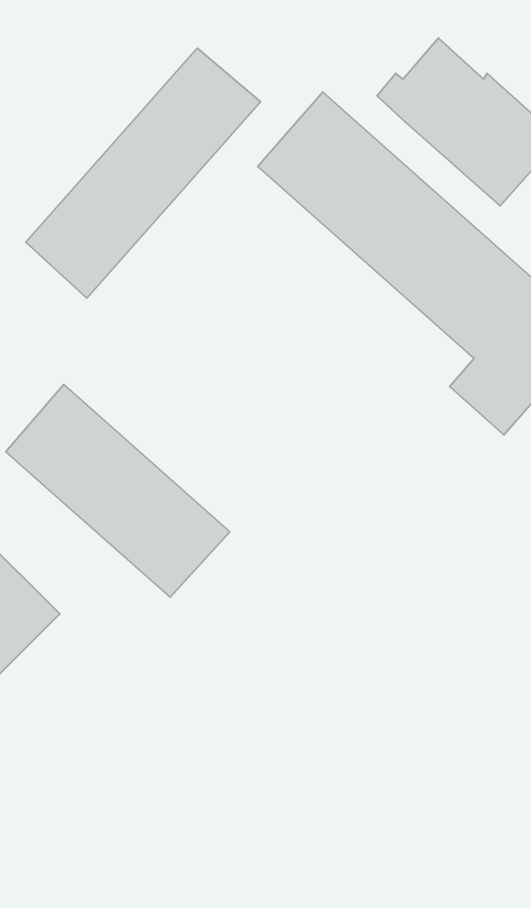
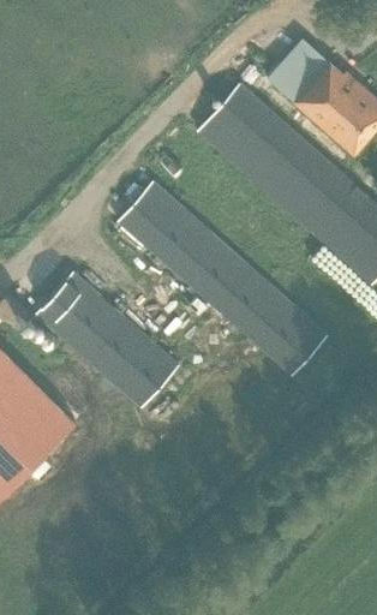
building: [26,48,260,298] -> none
building: none -> [116,180,327,375]

